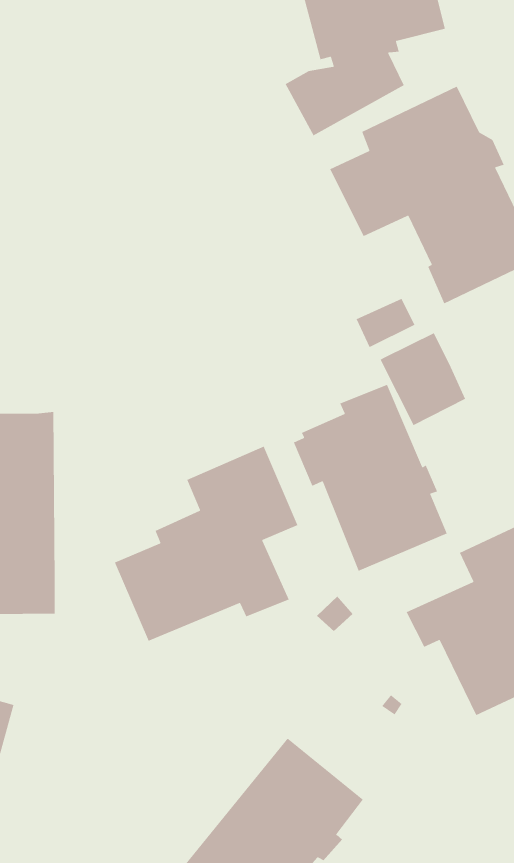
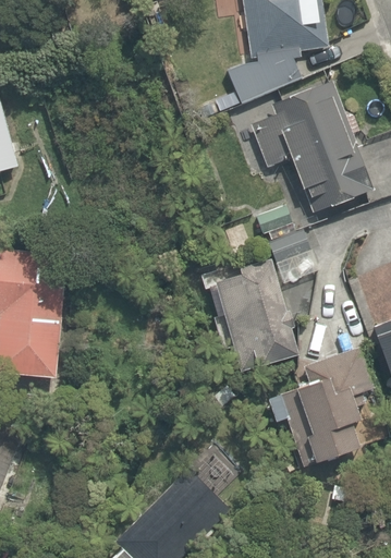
building: [114,446,298,642] -> none

